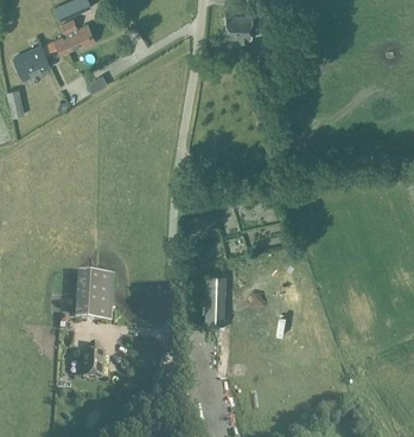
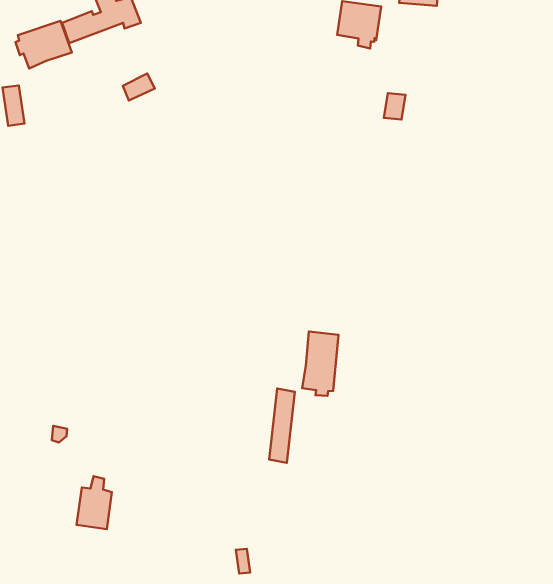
building: none -> [302,332,338,396]
building: [76,270,114,320] -> none

